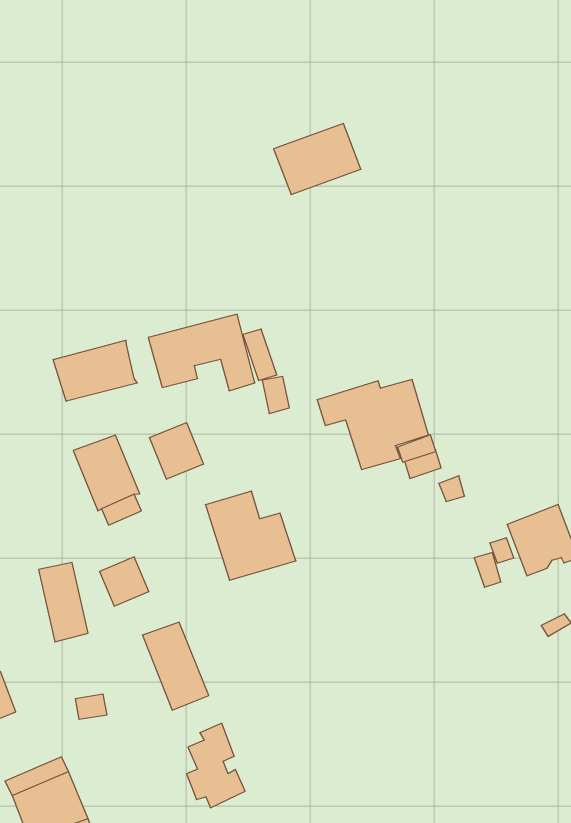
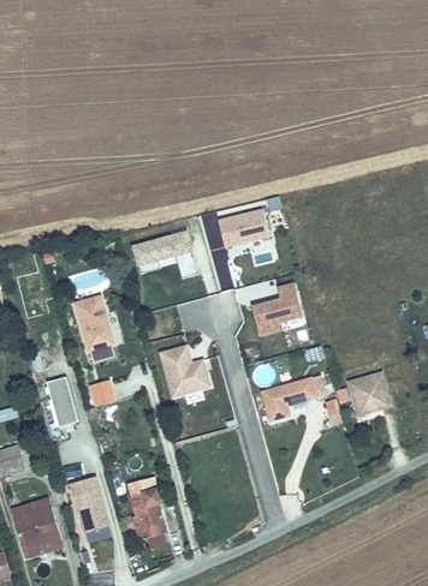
building: [274,123,361,195] -> [215,208,269,250]
building: [53,340,137,401] -> none
building: [149,423,203,479] -> none
building: none -> [258,375,315,418]
building: [142,622,209,710] -> [72,479,111,534]

